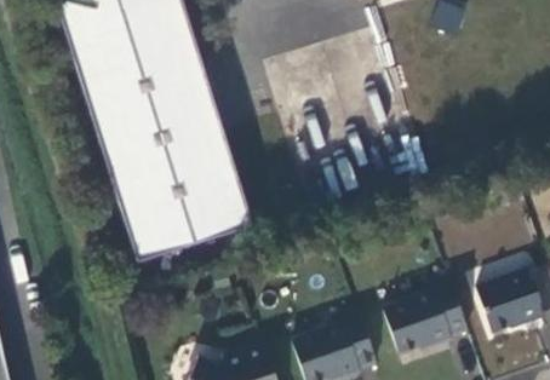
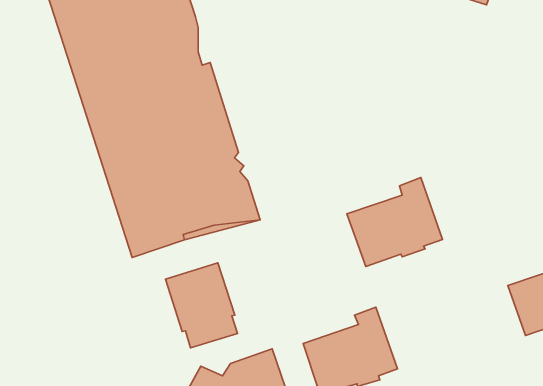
building: none -> [165,263,238,348]
building: [383,275,469,355] -> [347,178,443,266]

